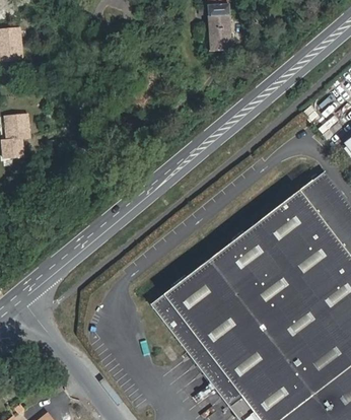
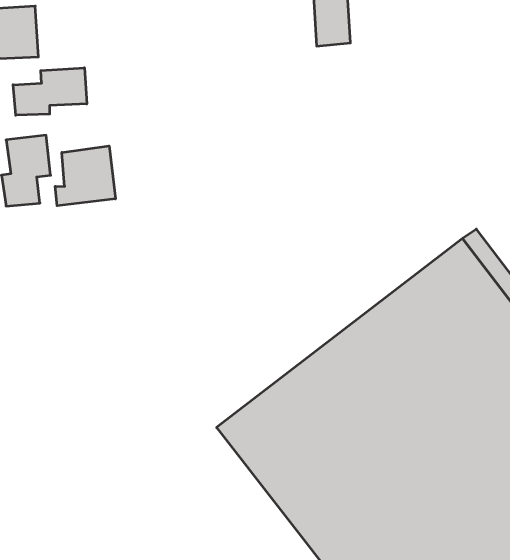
building: none -> [13,68,87,115]
building: none -> [55,146,115,206]

